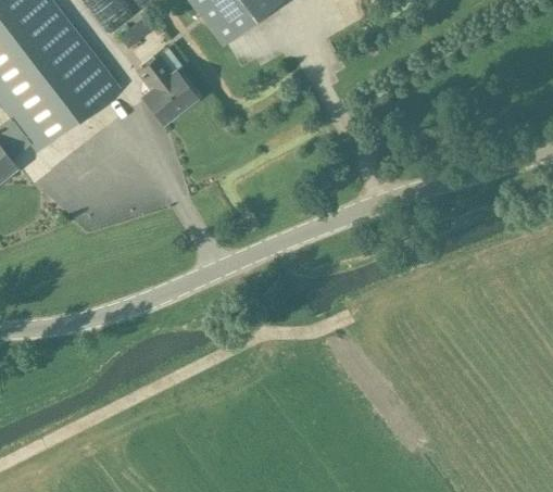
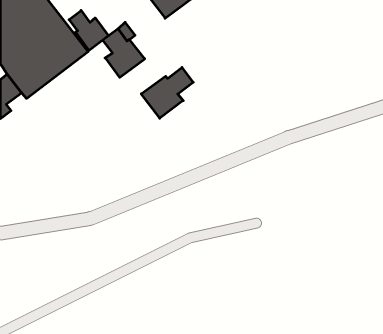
building: none -> [69,10,109,50]
building: none -> [141,67,193,118]

